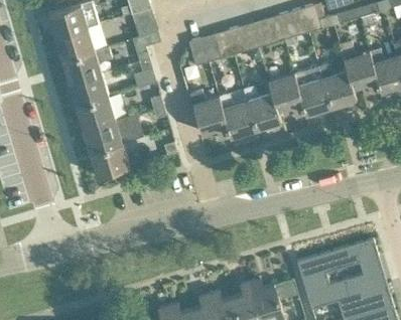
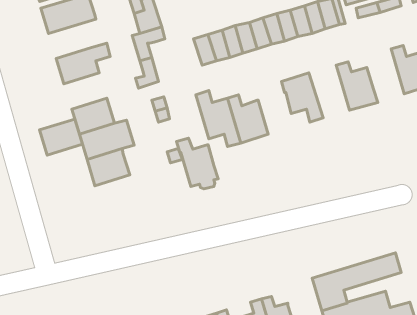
building: [54,27,94,60] -> none
building: [340,41,381,97] -> none
building: [293,66,330,115] -> none
building: [69,73,108,107] -> [40,119,82,155]
building: [243,86,281,132] -> [176,138,218,189]

